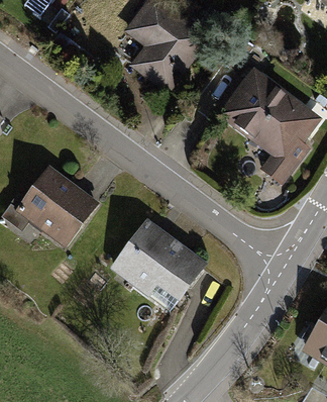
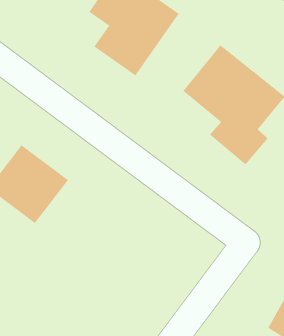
building: [111,218,206,298] -> none

